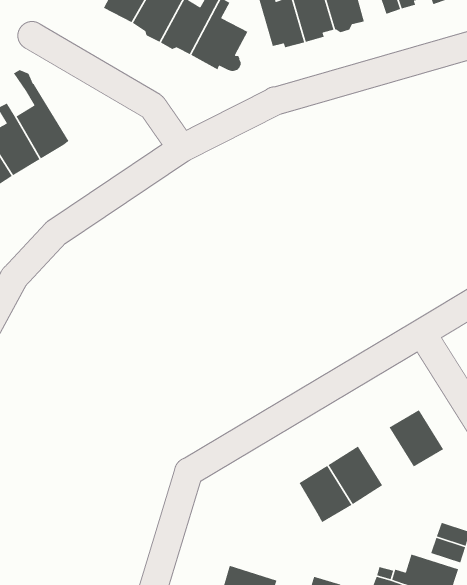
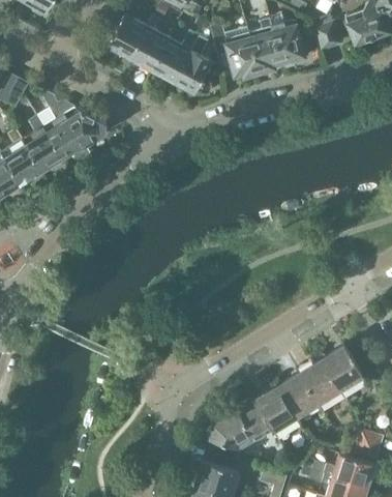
building: none -> [58,100,107,146]
building: none -> [299,359,340,403]
building: none -> [207,401,272,450]

